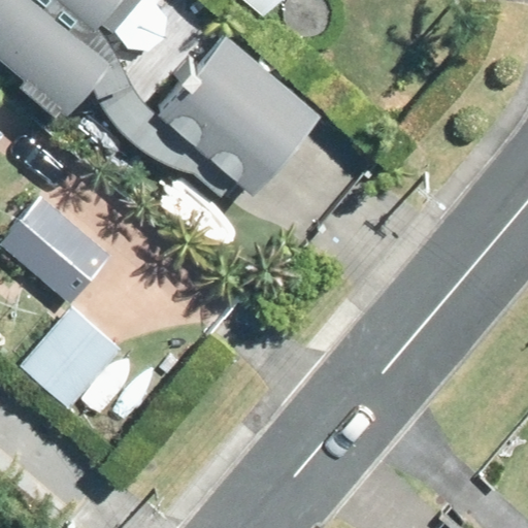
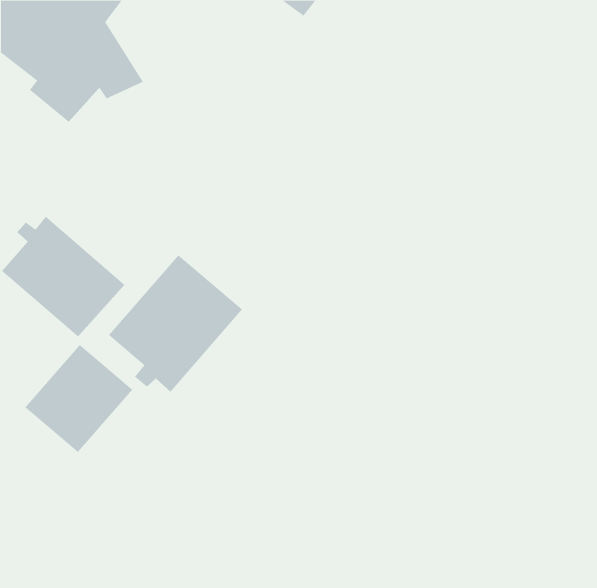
building: [157,35,320,193] -> none
building: none -> [108,254,243,392]

